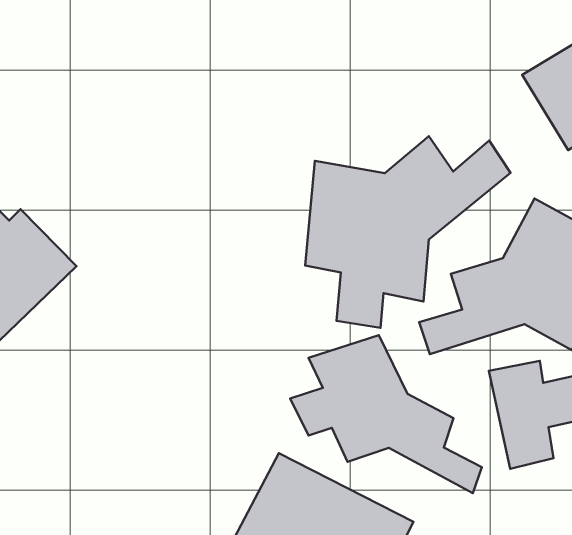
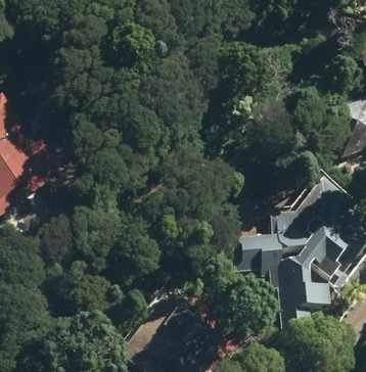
building: [305,136,511,328] -> none
building: [290,335,482,493] -> none

